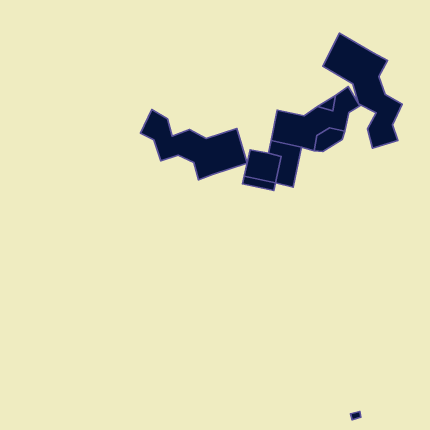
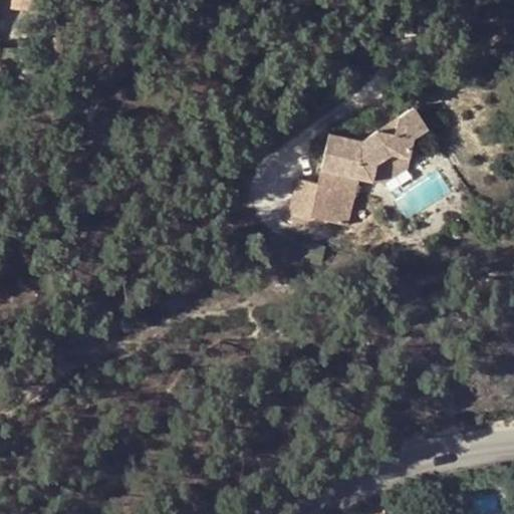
building: [323,33,402,148] -> none
building: [140,109,247,180] -> none

